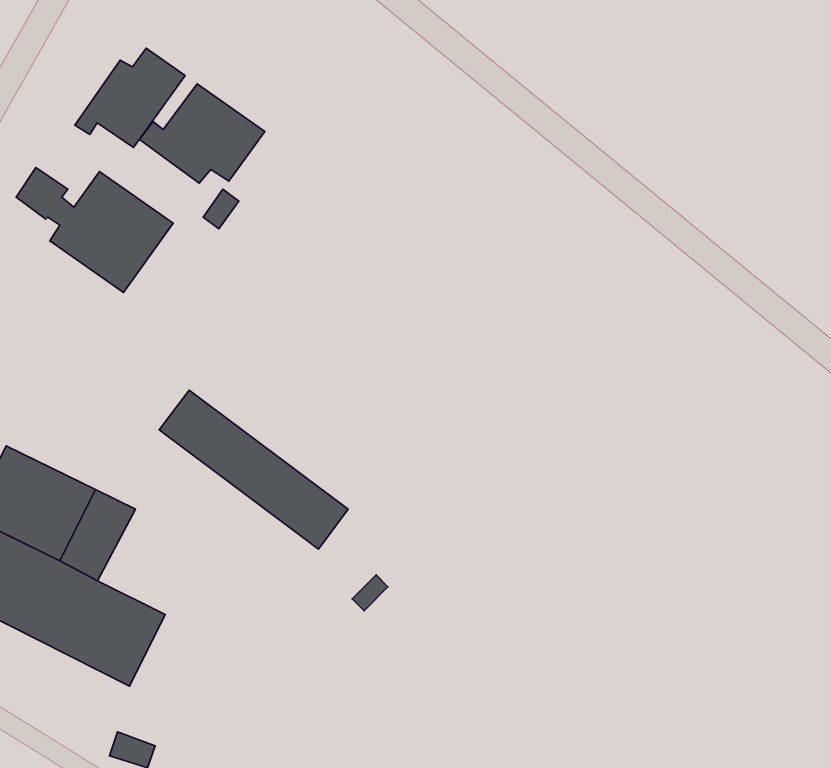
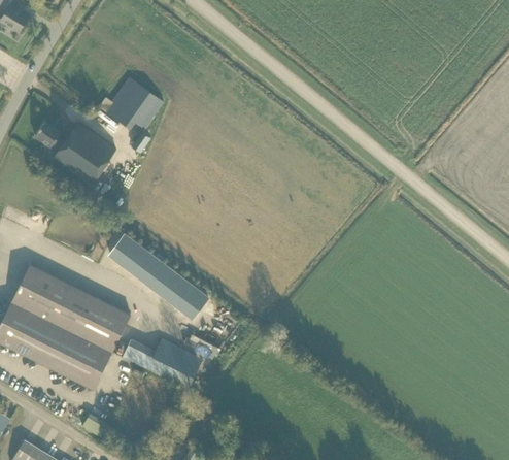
building: [75,48,185,148] -> none
building: none -> [77,299,131,354]
building: none -> [122,335,203,386]

